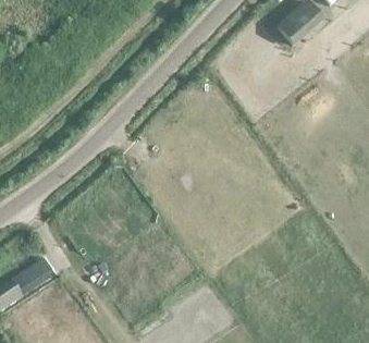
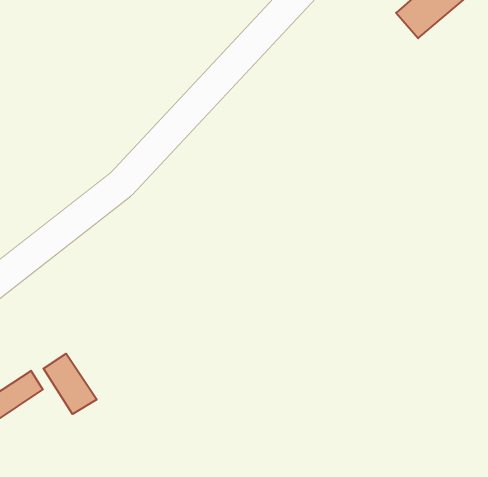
building: none -> [43,354,97,414]

